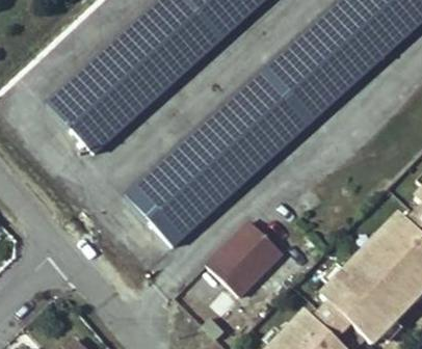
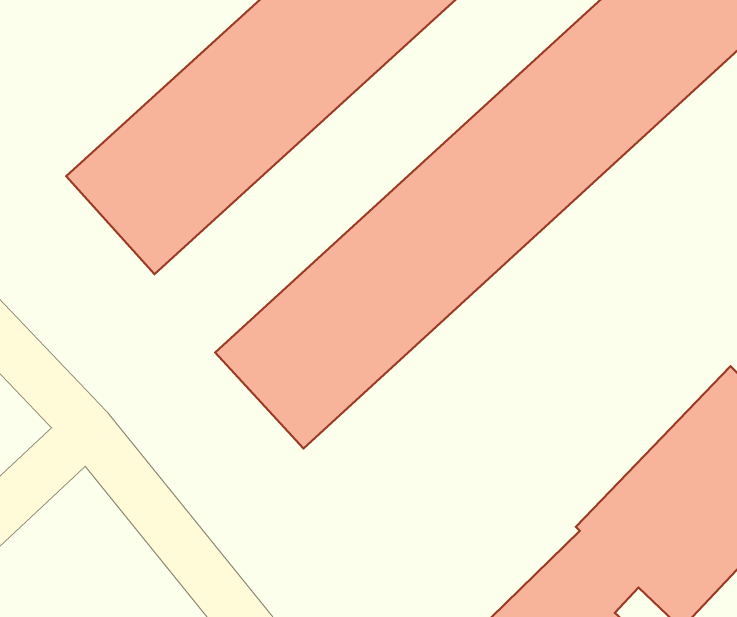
building: [207,220,282,295] -> none

